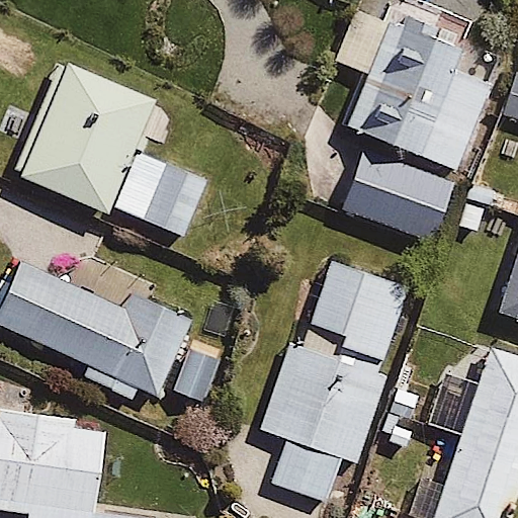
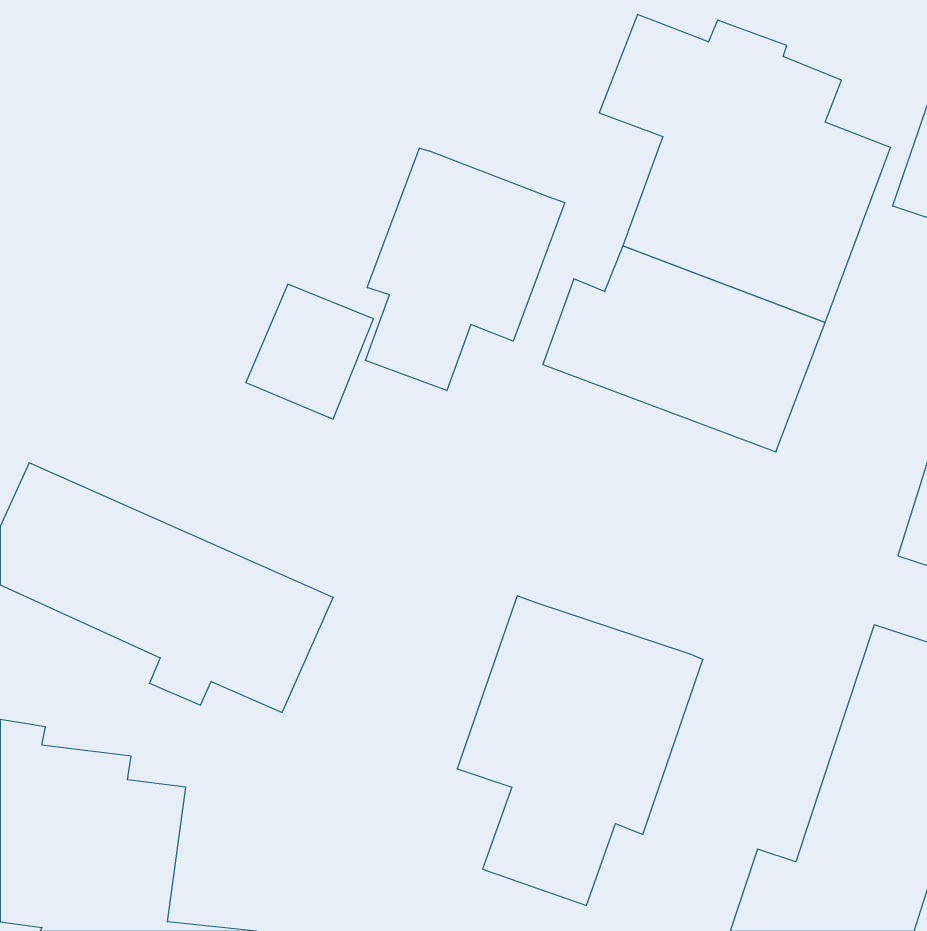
building: [8,55,160,217] -> none
building: none -> [365,148,565,391]
building: [300,254,413,363] -> none

